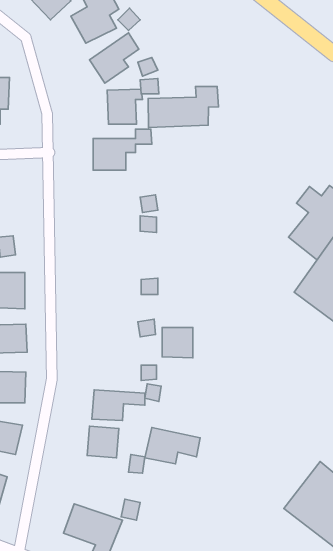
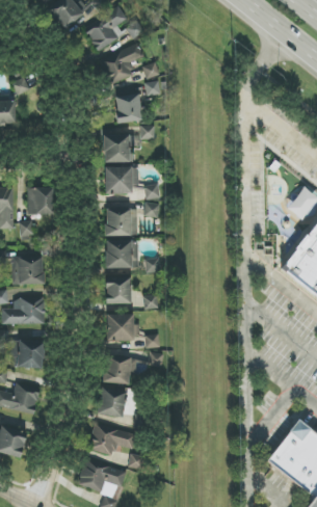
building: [148,86,218,127] -> none
building: none -> [105,166,138,194]
building: none -> [28,187,54,214]
building: none -> [104,208,137,236]
building: none -> [106,240,138,268]
building: none -> [105,275,131,303]
building: [162,327,193,358] -> [107,314,134,341]
building: [145,427,200,464] -> [87,423,136,455]

